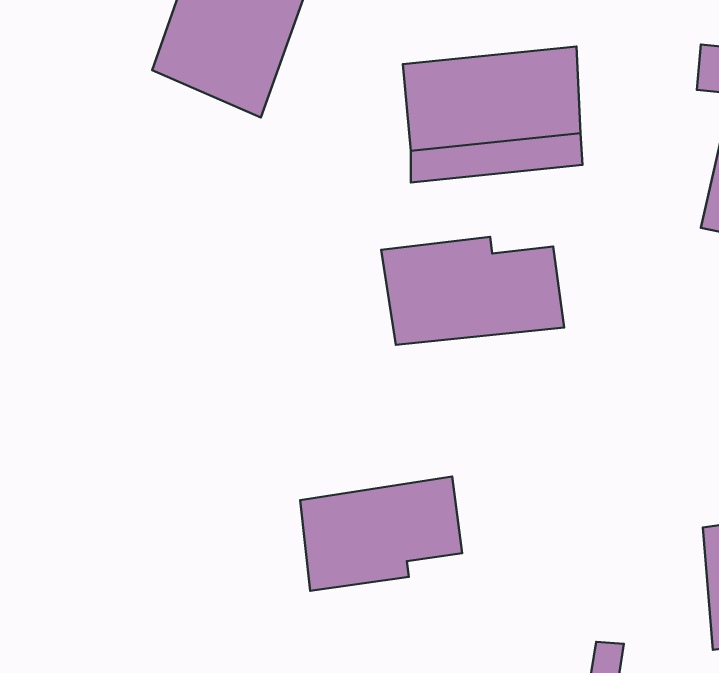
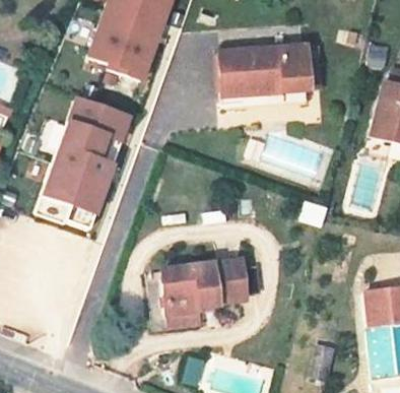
building: none -> [37,94,133,226]
building: [381,237,564,345] -> none

